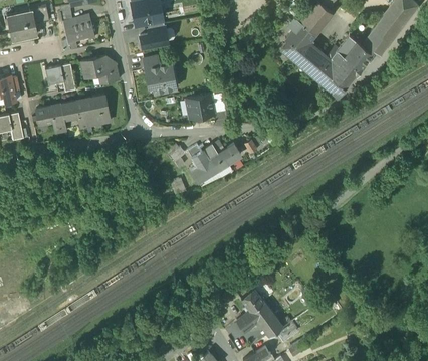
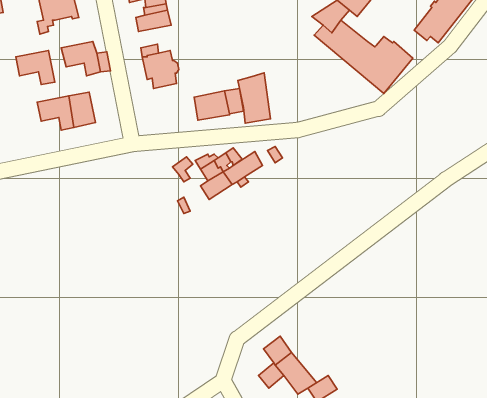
building: [338,37,372,69] -> none
building: none -> [238,73,270,123]
building: [37,105,67,132] -> none

